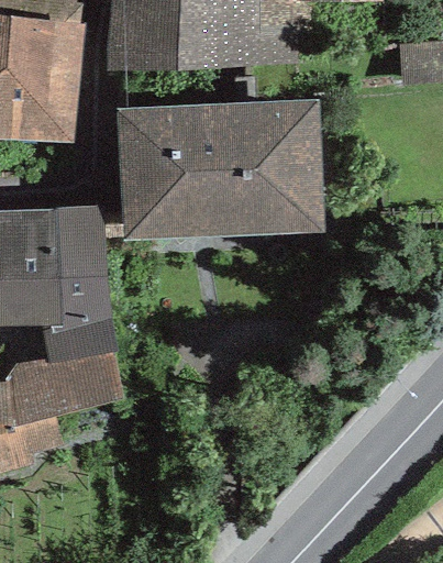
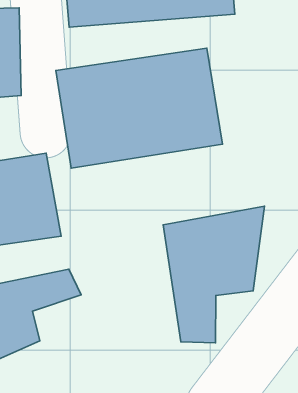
building: none -> [163,206,264,343]

